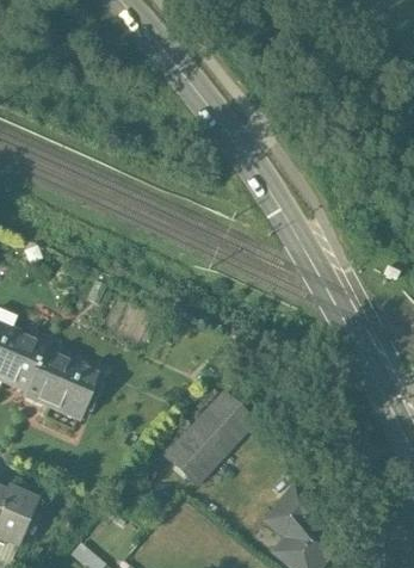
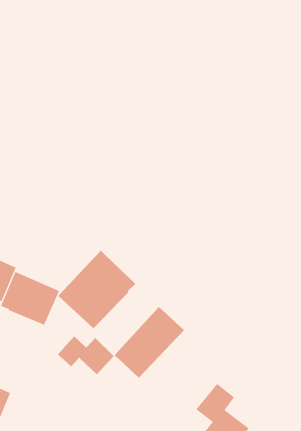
building: none -> [58,246,136,329]
building: none -> [57,335,115,375]

